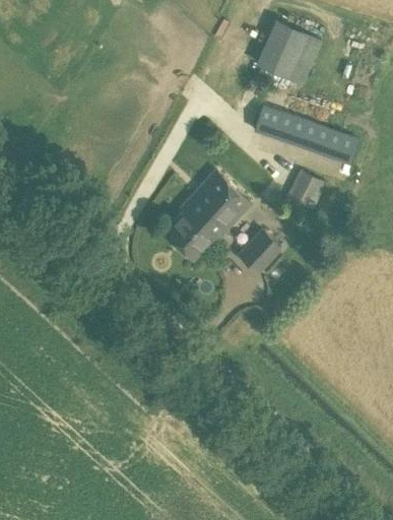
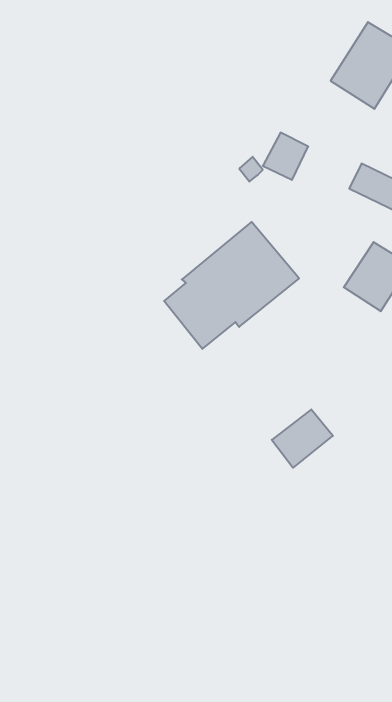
building: [256,107,285,138] -> [263,133,308,180]
building: [244,231,285,272] -> [272,409,333,468]

